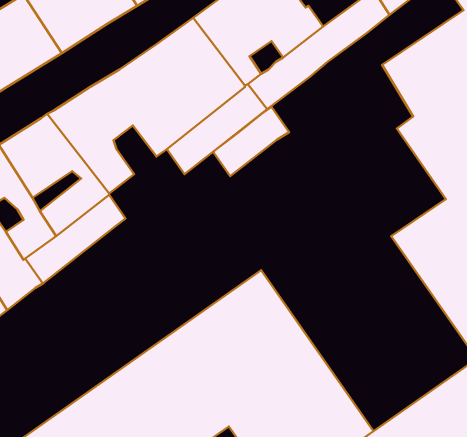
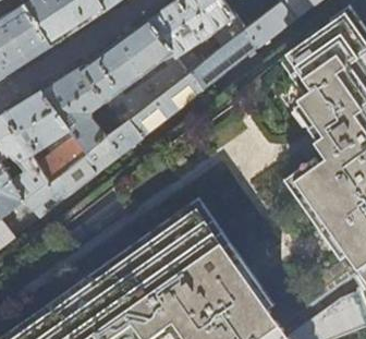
building: [214,107,289,176] -> [86,118,142,169]

